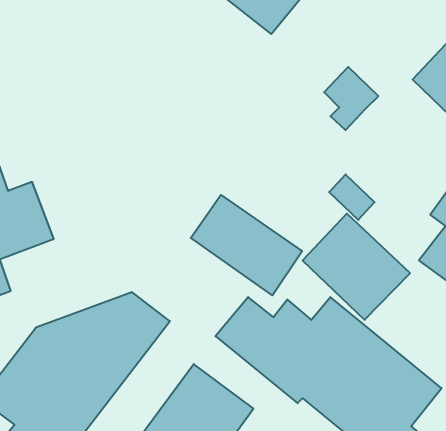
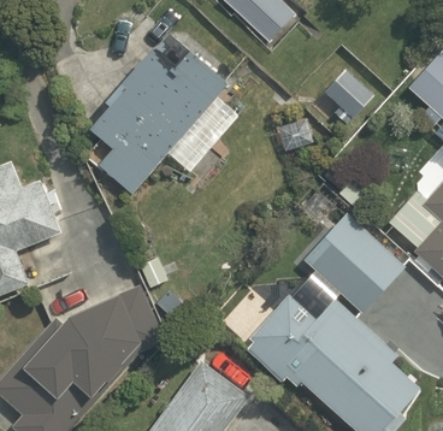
building: none -> [93,33,234,189]
building: [191,195,302,295] -> none

